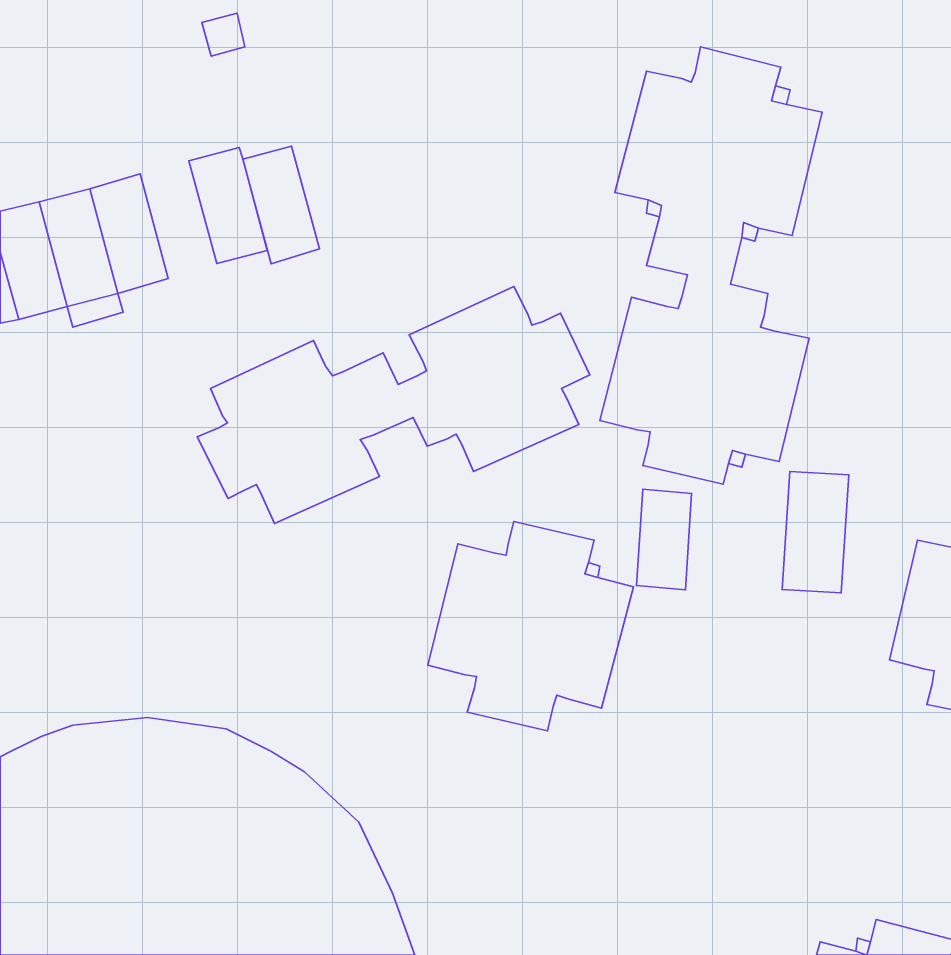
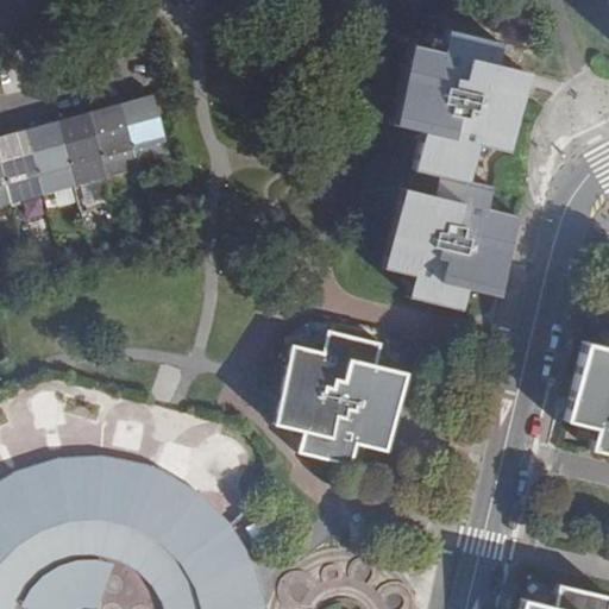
building: [243,146,320,264] -> [92,102,140,177]
building: [197,286,590,524] -> none
building: [782,471,849,593] -> none
building: [637,489,692,590] -> none

